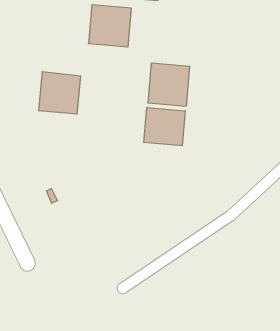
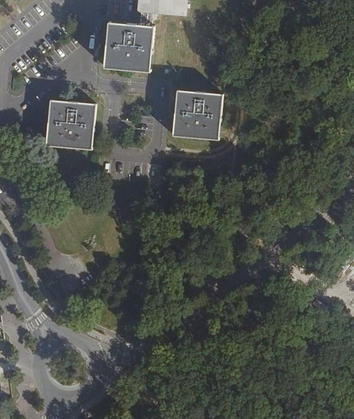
building: [144,107,185,146] -> none

